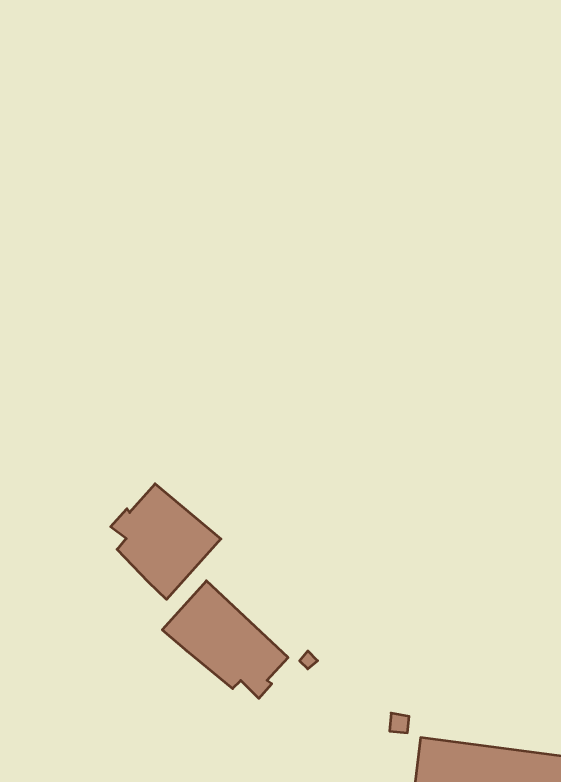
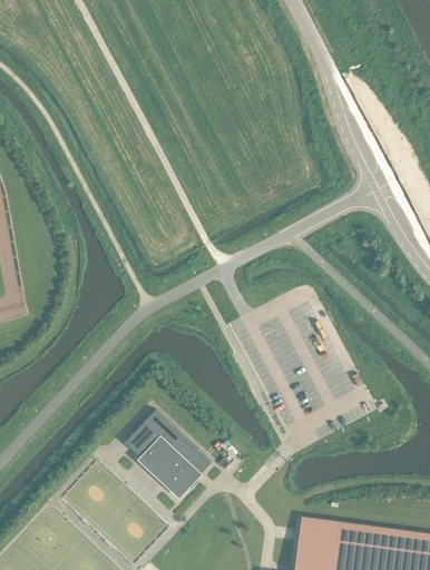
building: [111,484,221,599] -> none

